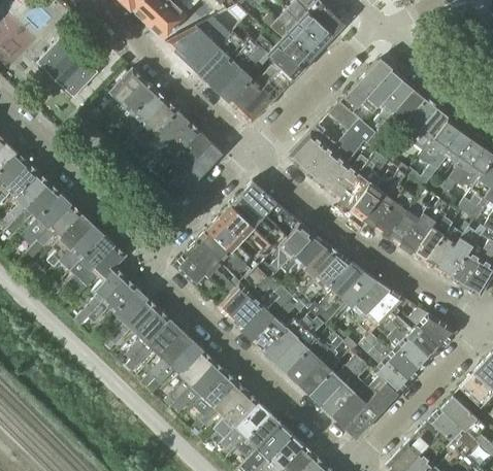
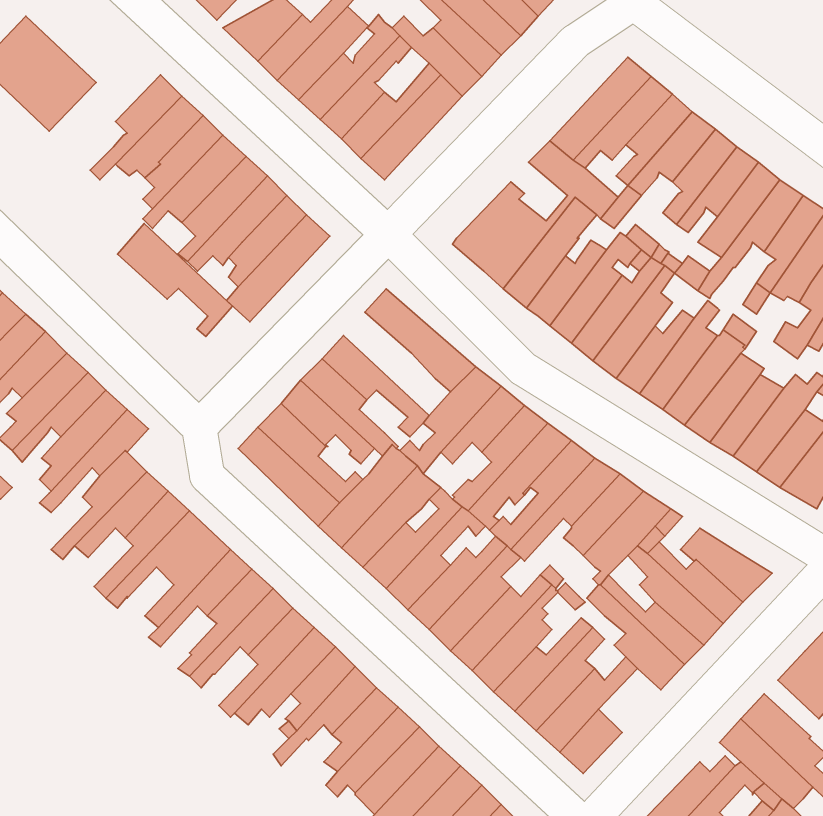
building: none -> [117,224,233,337]
building: [229,193,286,247] -> none
building: [364,381,397,415] -> none

